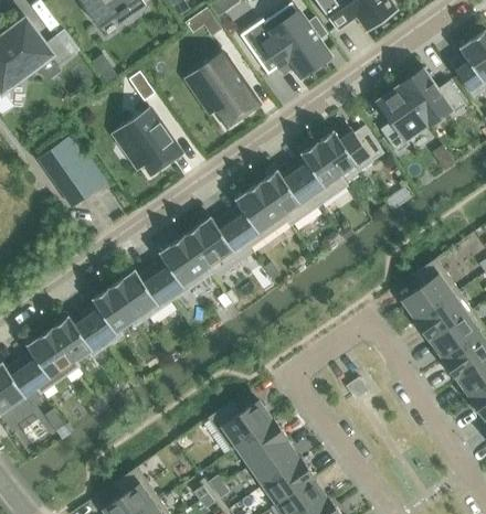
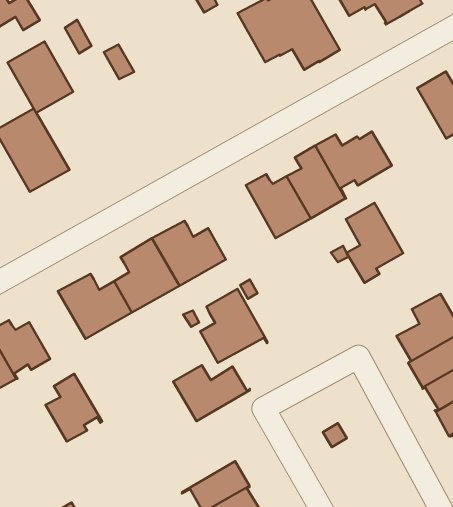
building: [192,56,256,126] -> none
building: [376,85,427,154] -> [346,203,403,283]
building: [122,109,180,171] -> [8,41,73,113]
building: [231,182,289,247] -> [200,289,267,363]
building: [85,288,135,346] -> [46,374,102,441]
building: [207,400,273,450] -> [173,365,250,421]

